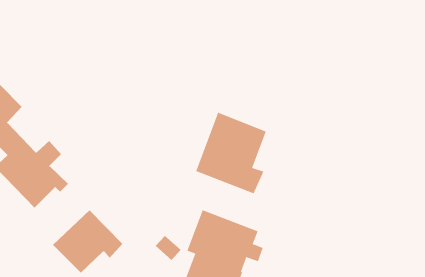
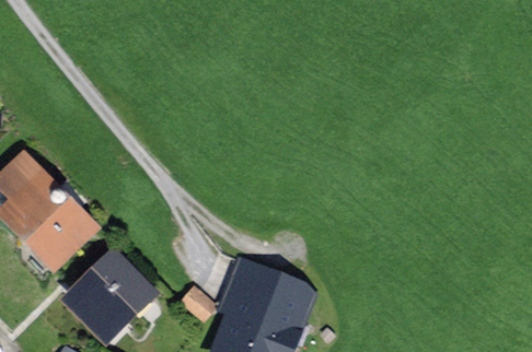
building: [196,112,267,194] -> none

